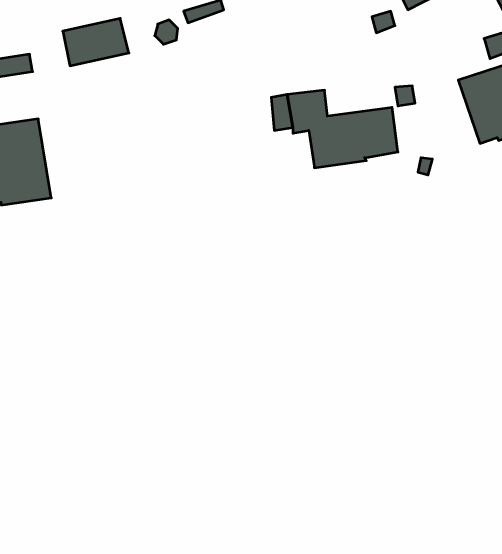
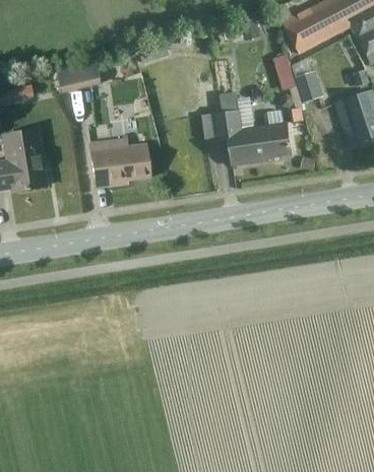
building: none -> [296,68,324,100]
building: none -> [90,138,150,186]

